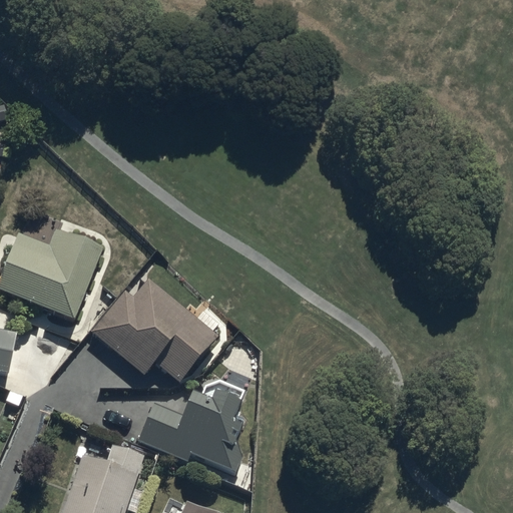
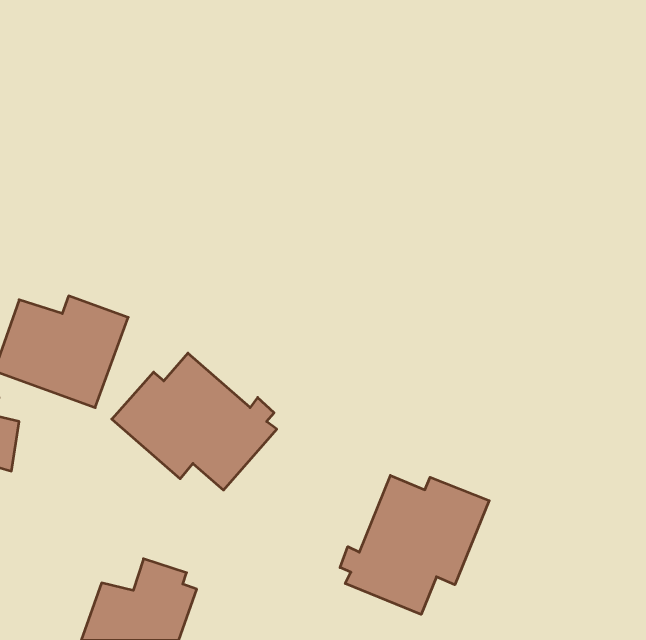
building: none -> [340,475,489,614]
building: [136,383,241,469] -> none

